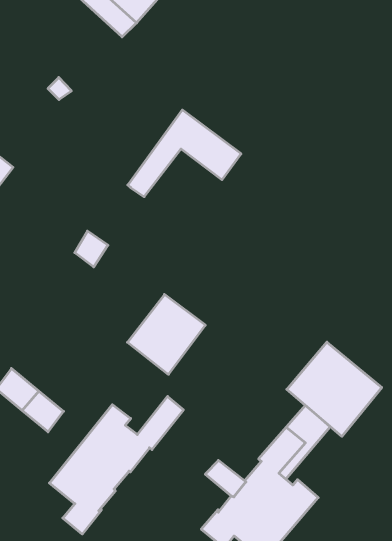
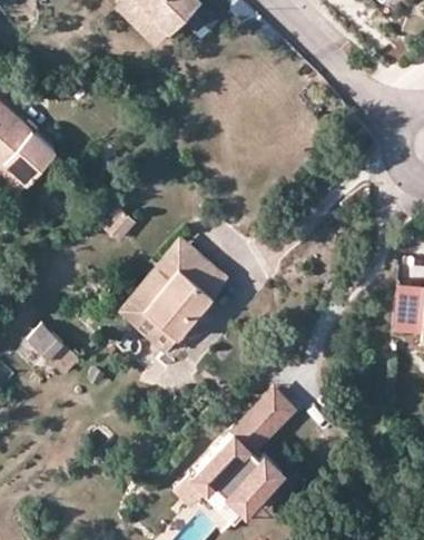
building: [128,110,241,197] -> [128,237,227,310]
building: [287,342,382,436] -> none
building: [49,396,183,534] -> none

